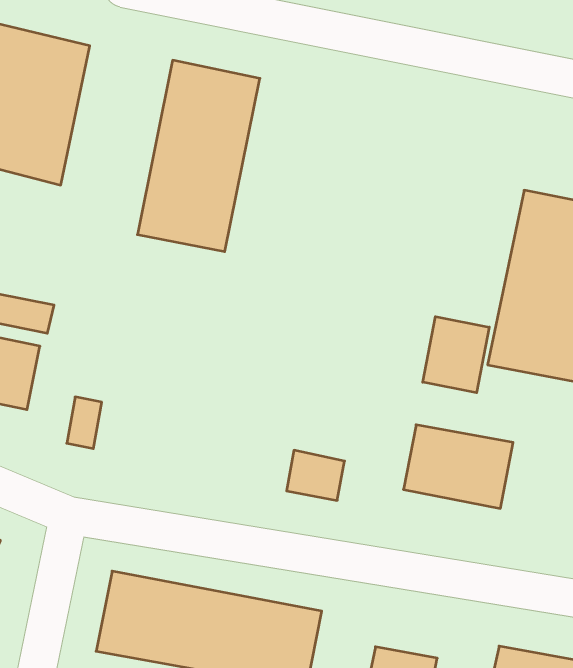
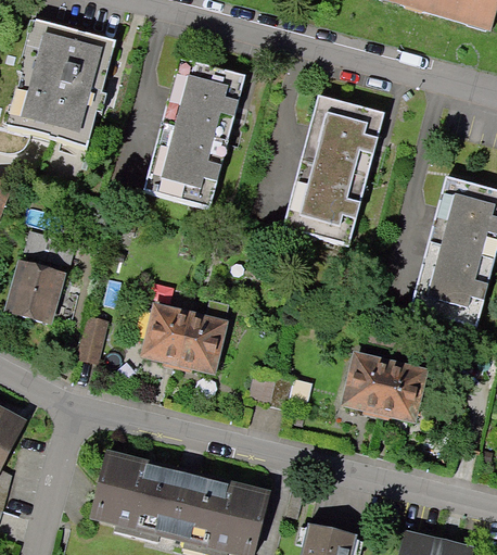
building: none -> [283,94,386,247]
building: [423,317,489,393] -> none
building: none -> [142,304,230,373]

